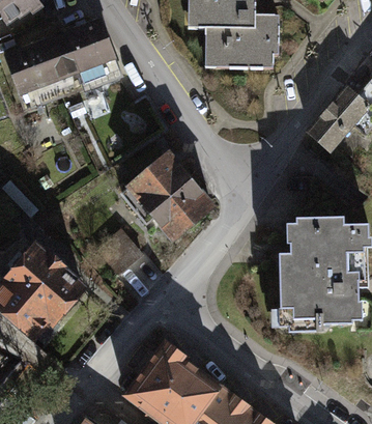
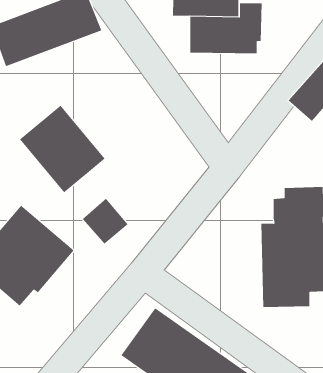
building: [133,147,221,237] -> [19,105,106,193]

